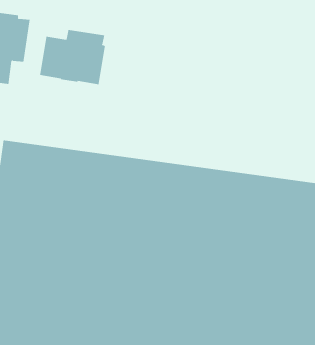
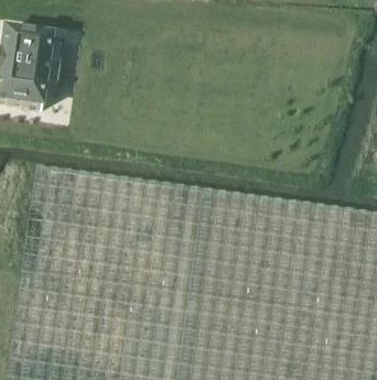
building: [39,29,105,85] -> none

